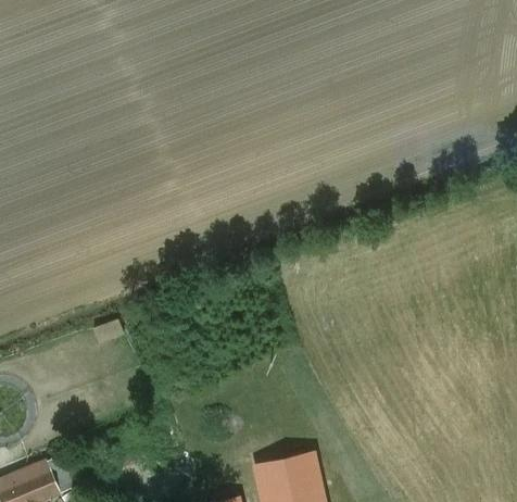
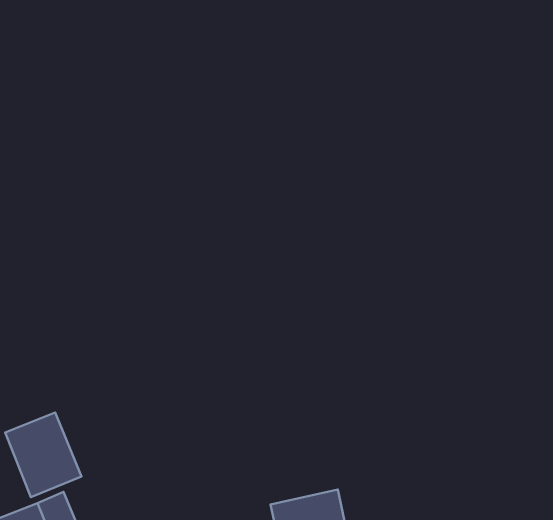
building: none -> [5,413,82,497]

